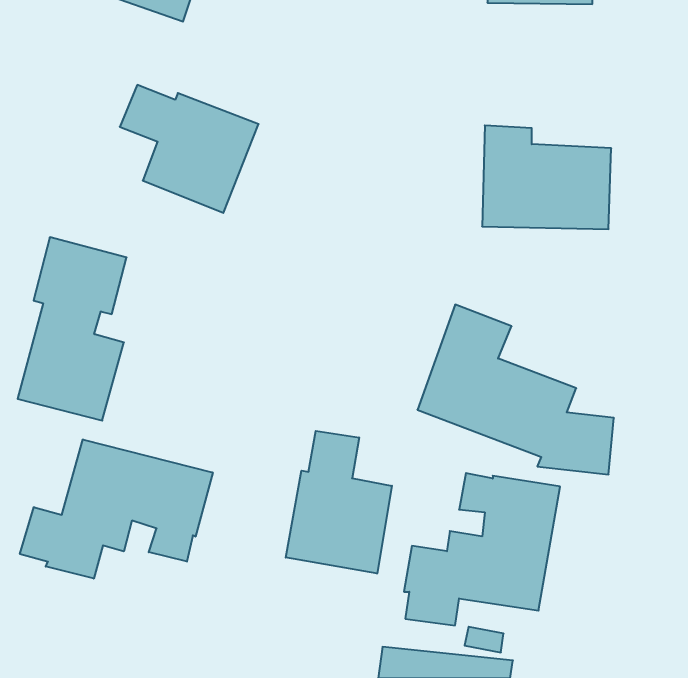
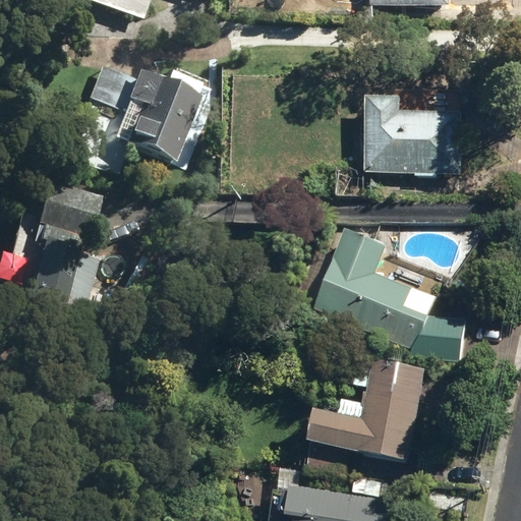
building: [286,431,392,574] -> none
building: [20,439,213,579] -> none

